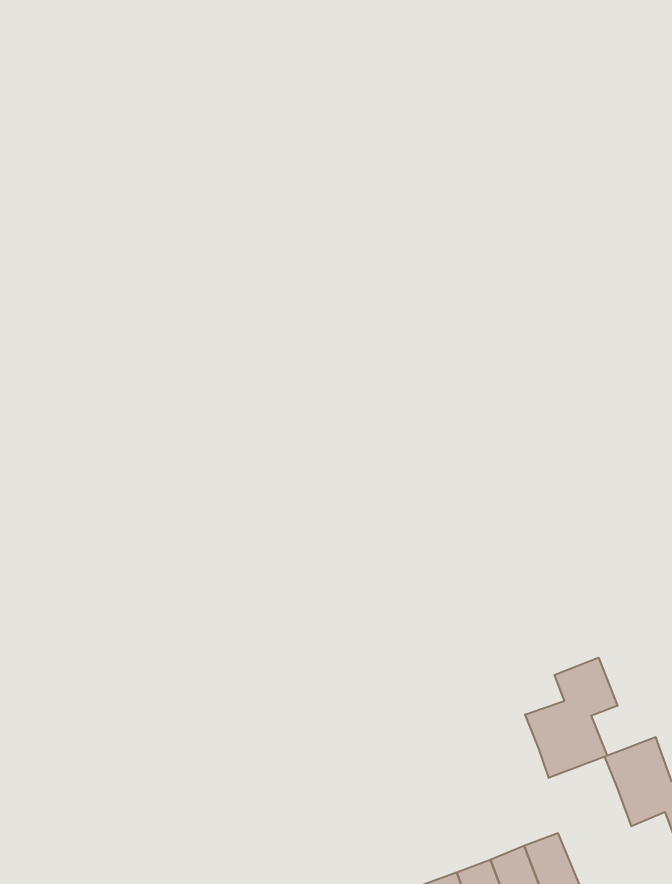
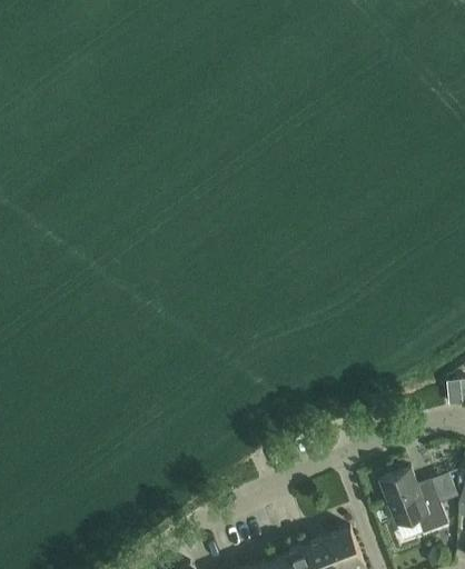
building: [525,658,618,778] -> none

